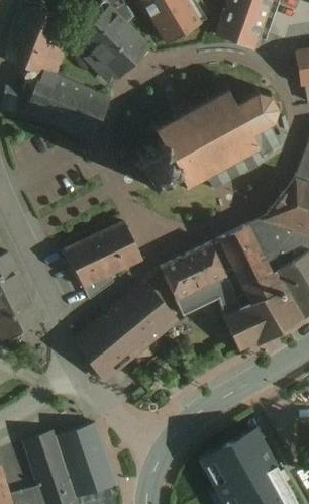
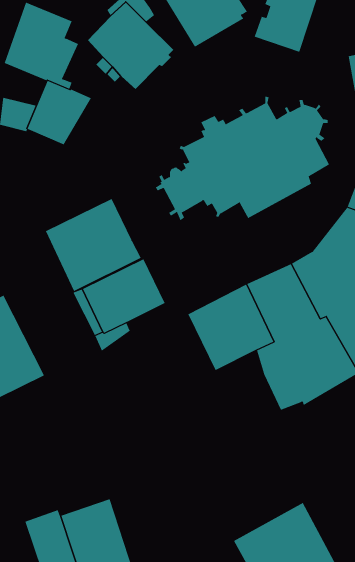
building: [58,87,107,139] -> none
building: none -> [45,198,141,292]
building: [75,281,176,379] -> none

